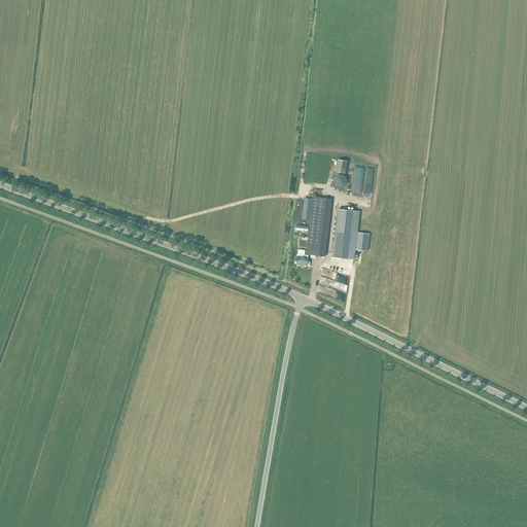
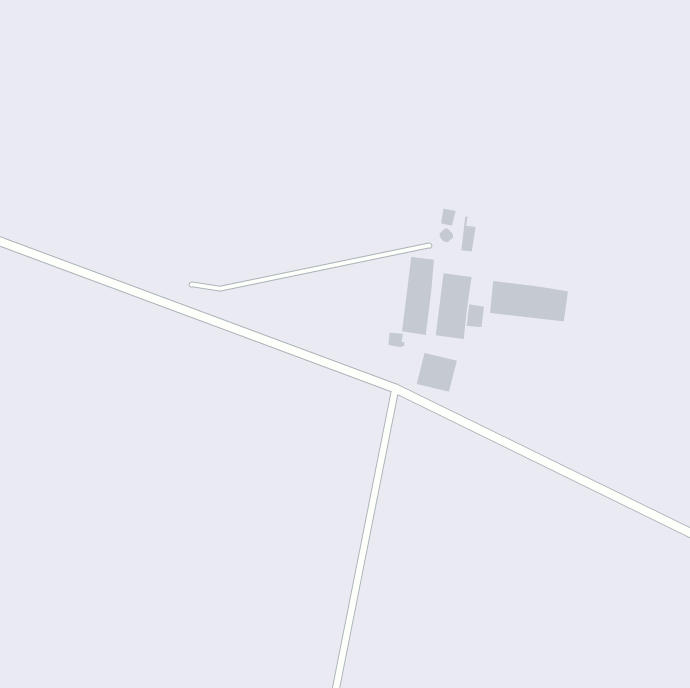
building: none -> [489,280,569,322]

